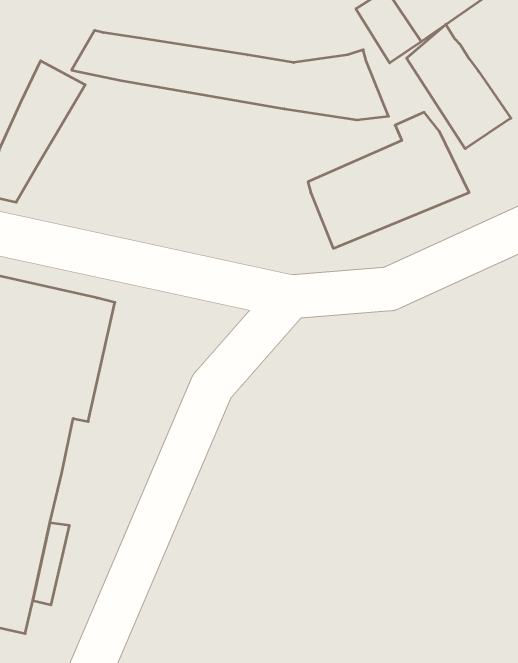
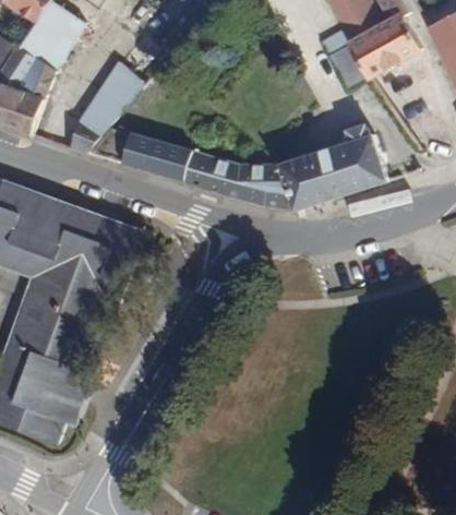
building: [407,24,511,149] -> none
building: [72,30,389,120] -> [86,128,297,208]

